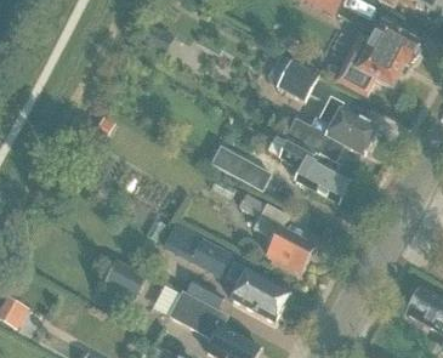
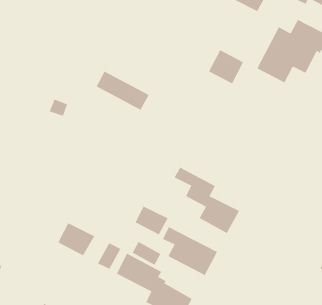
building: [286,96,377,160] -> none
building: [272,137,350,204] -> none
building: [210,144,272,191] -> [96,71,149,111]

